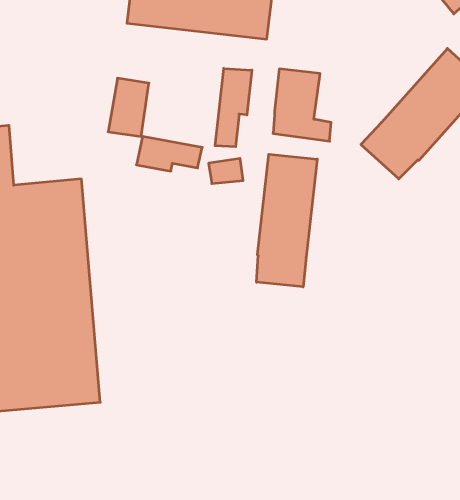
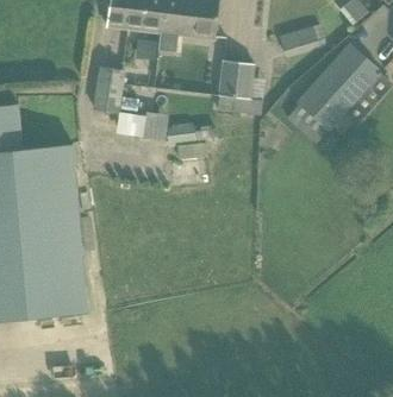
building: none -> [279,25,318,56]
building: [215,68,252,147] -> none
building: [257,154,317,287] -> none

